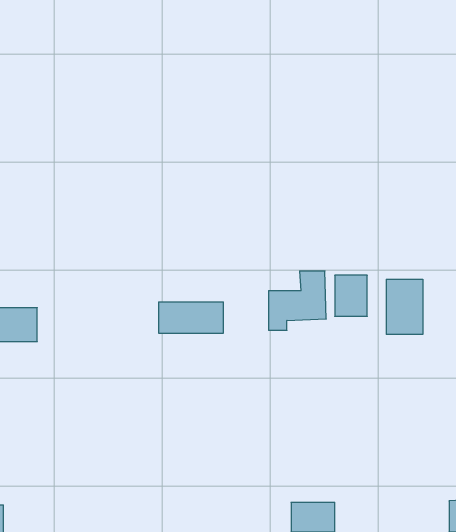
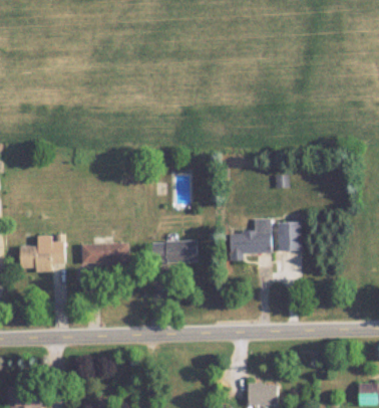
building: [386,279,423,334] -> none
building: none -> [82,243,128,265]

